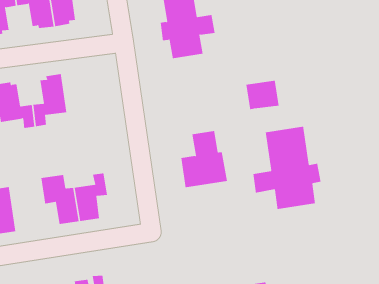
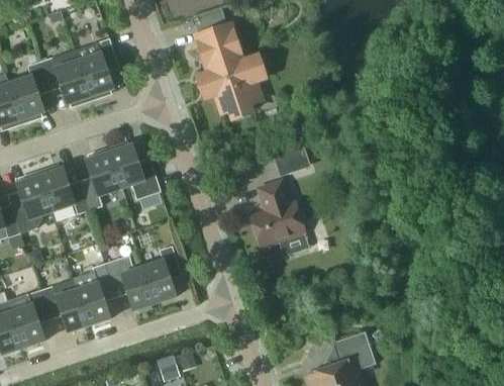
building: none -> [107,143,160,200]
building: [245,80,280,110] -> [269,140,309,177]
building: [253,126,321,210] -> none
building: none -> [73,264,113,325]

